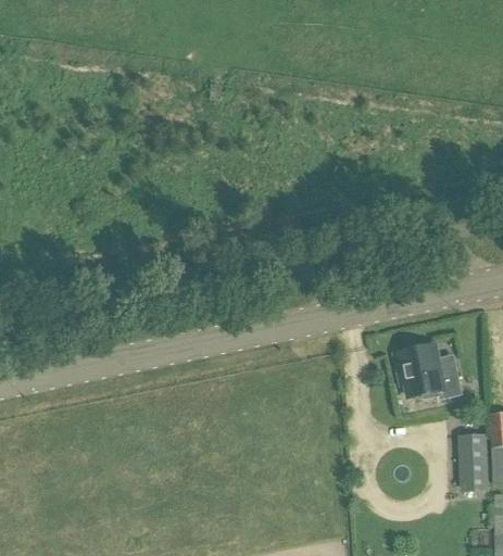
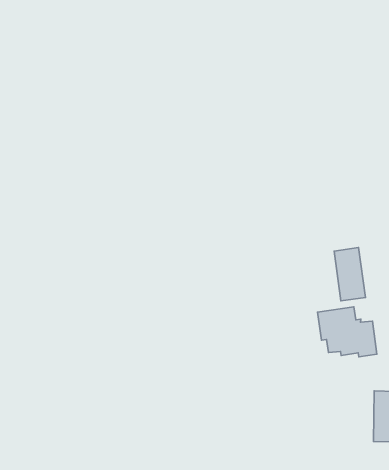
building: none -> [334,248,365,301]

